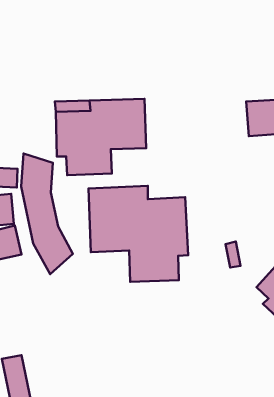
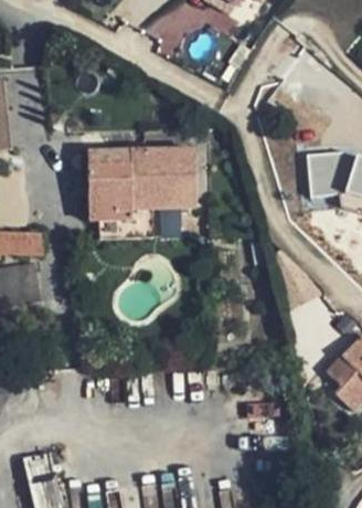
building: [21,154,73,274] -> none
building: [88,186,188,282] -> none

